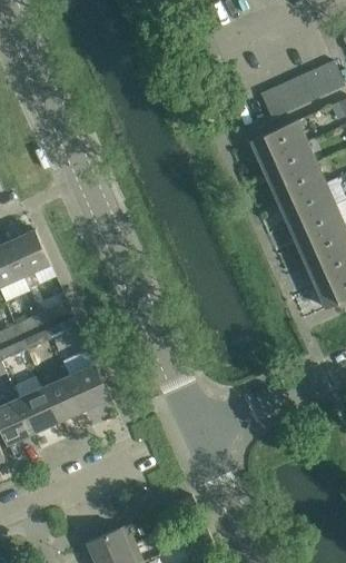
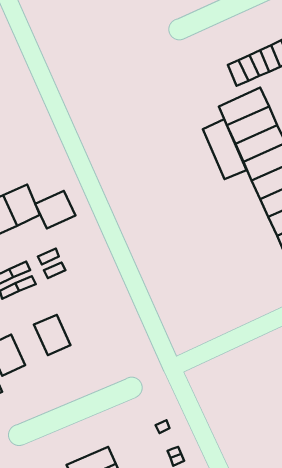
building: none -> [203,119,247,179]
building: none -> [35,191,75,228]
building: [68,364,110,411] -> none
building: [17,387,58,433] -> none

